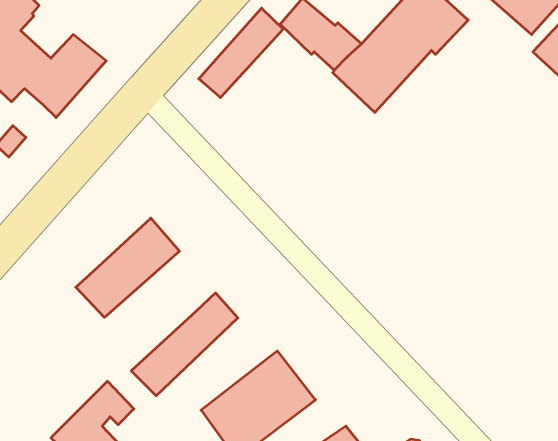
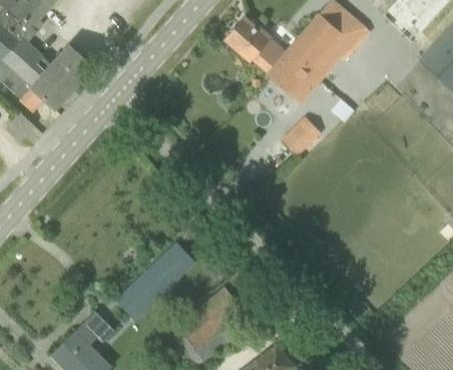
building: [199,8,283,98] -> none
building: none -> [282,116,320,153]
building: [76,218,179,317] -> none

